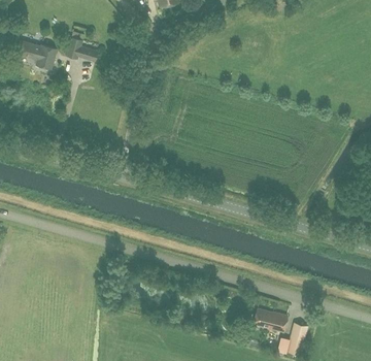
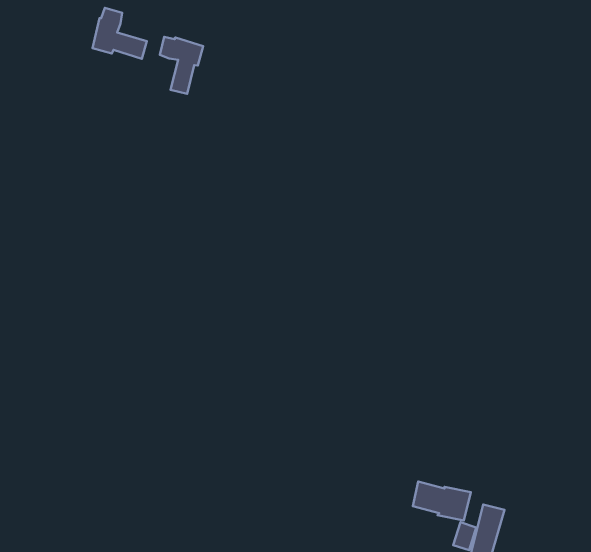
building: [16,41,56,69] -> none
building: none -> [160,37,203,94]

